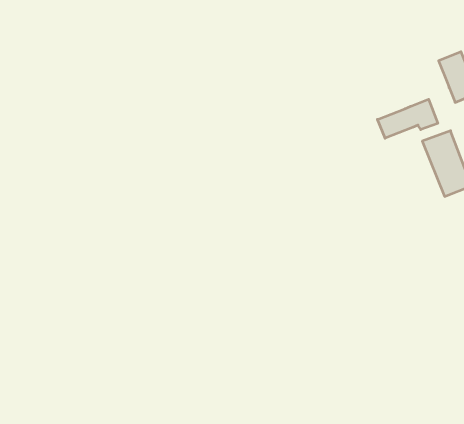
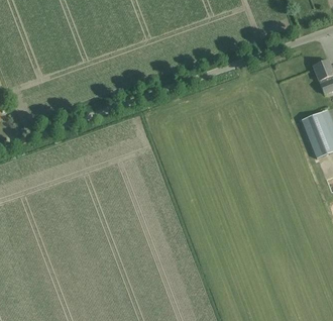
building: [377,99,438,138] -> none

